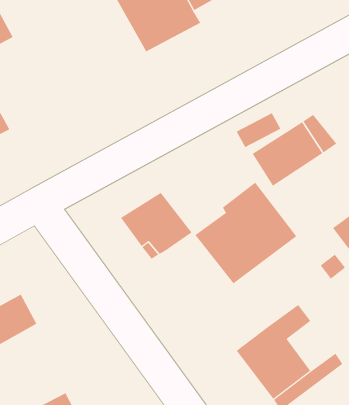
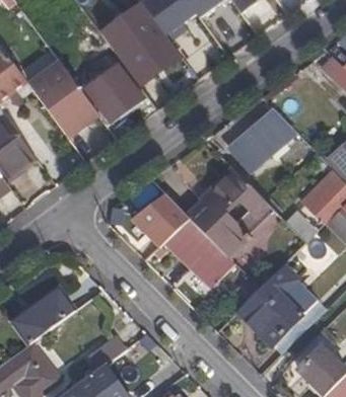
building: none -> [27,61,97,136]
building: none -> [88,75,139,121]
building: none -> [170,221,235,284]

